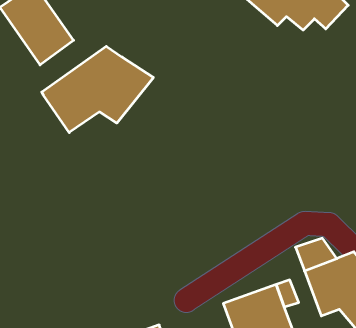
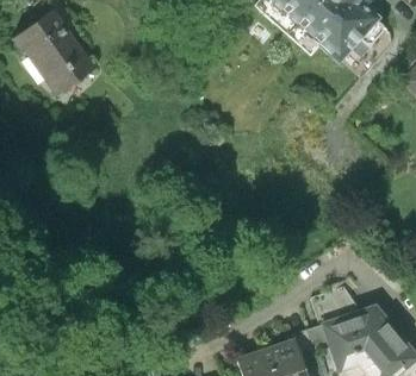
building: [42,46,153,133] -> none

